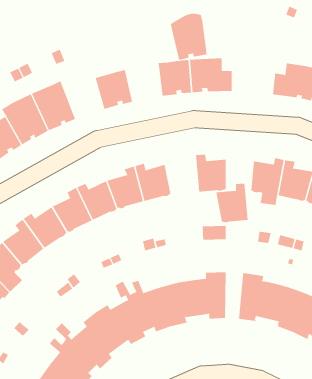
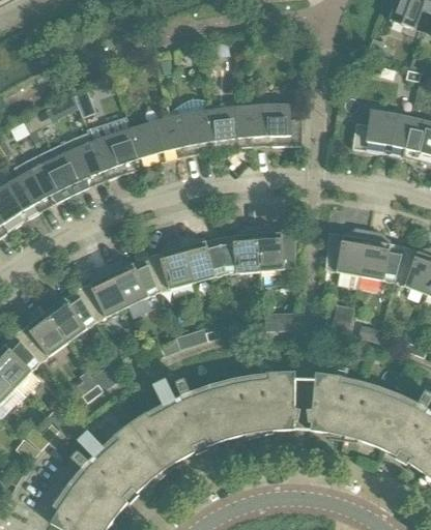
building: [170,13,207,60] -> [168,98,214,157]
building: none -> [87,116,142,179]
building: [215,183,249,223] -> [219,224,260,273]

